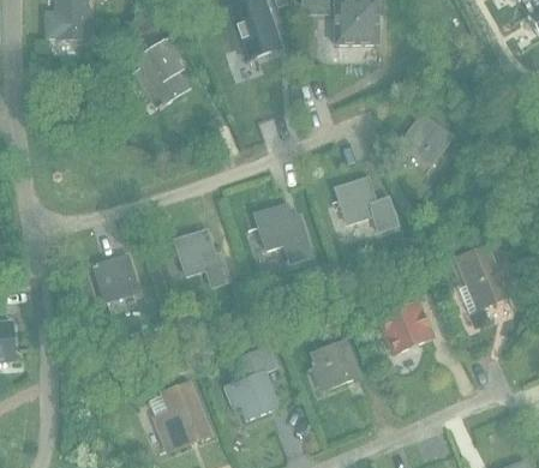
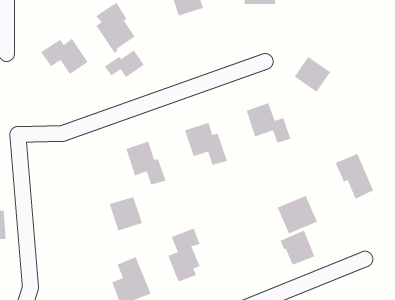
building: none -> [40,38,88,75]
building: none -> [104,49,144,78]
building: [94,254,139,301] -> [109,197,143,231]
building: [311,338,359,386] -> [280,230,315,265]

